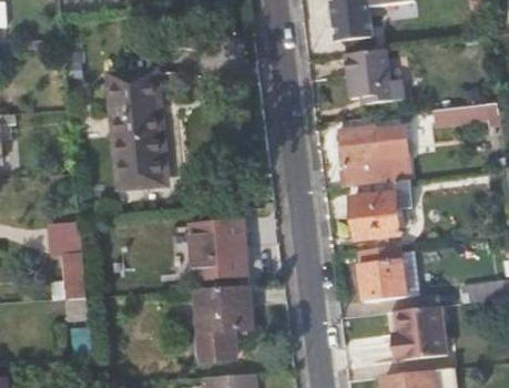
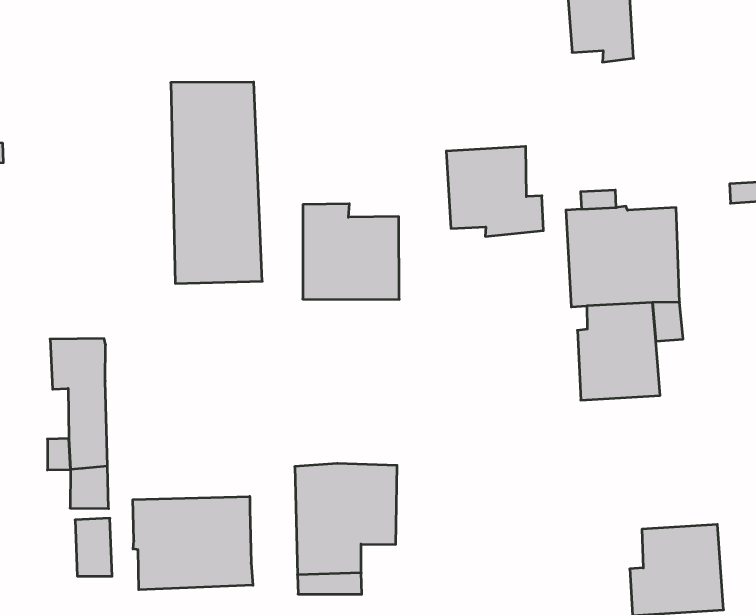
building: [344,49,403,102] -> [446,146,543,236]
building: [190,222,248,278] -> [303,204,399,299]
building: [358,246,417,304] -> none
building: none -> [133,496,253,590]

